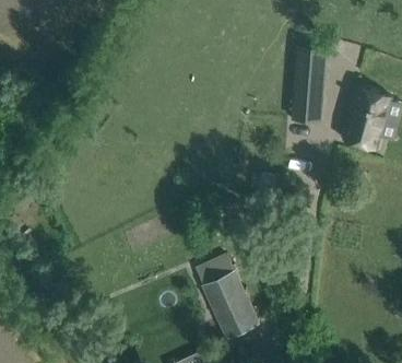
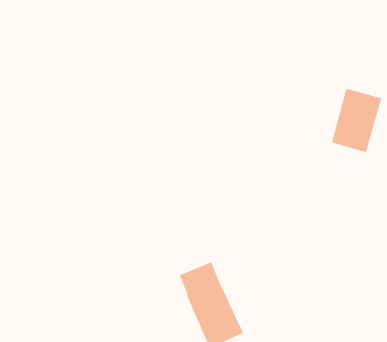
building: [293,47,326,121] -> none

